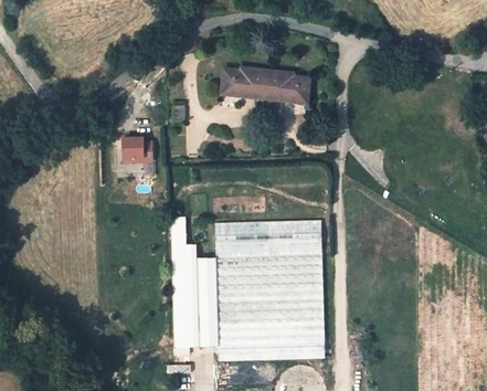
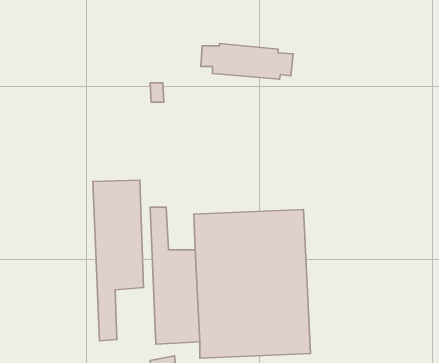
building: [121,136,150,159] -> none
building: none -> [93,180,143,341]

